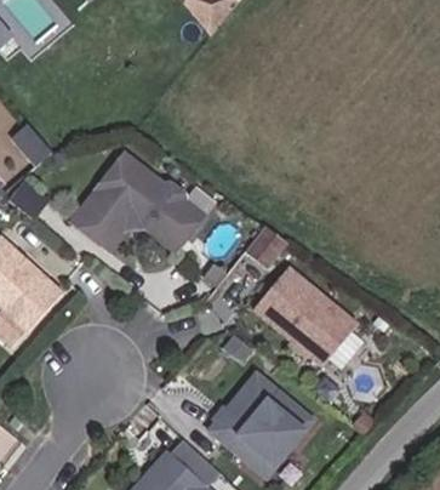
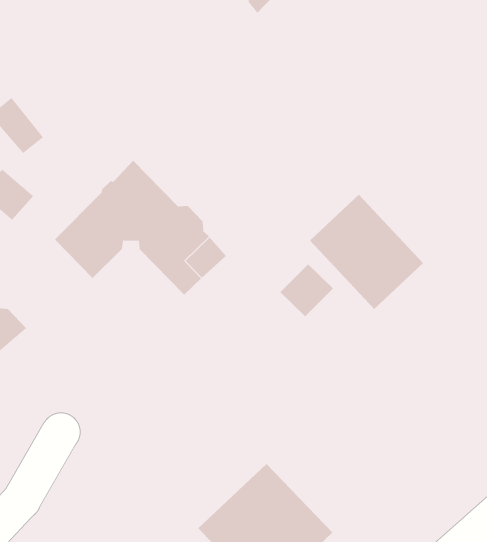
building: [255,269,344,357] -> [309,194,424,310]

